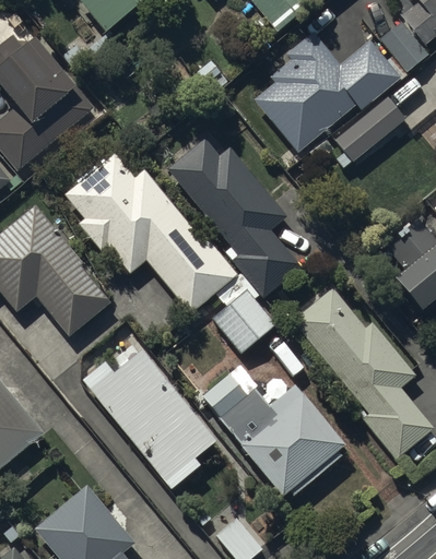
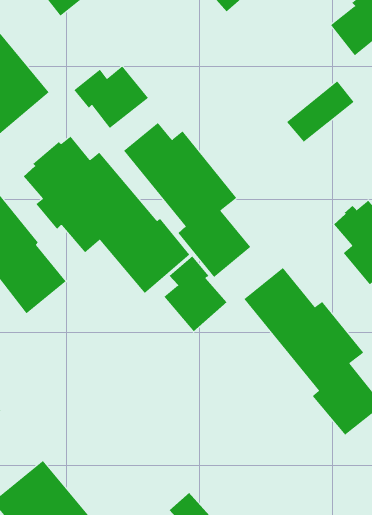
building: [254,33,406,152] -> none
building: none -> [73,66,149,129]
building: [82,349,216,487] -> none
building: [202,366,344,495] -> none

